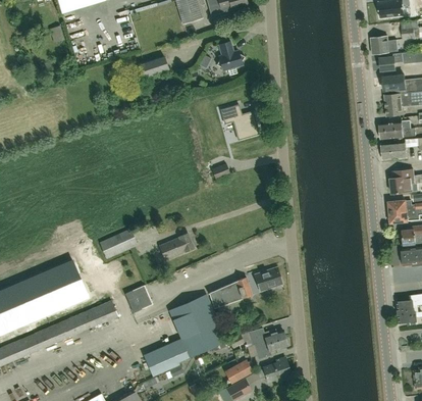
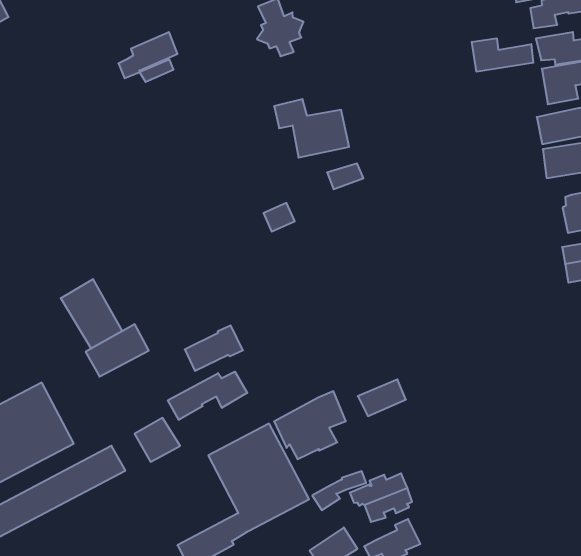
building: none -> [472,38,533,72]
building: none -> [61,279,122,349]
building: none -> [168,372,247,420]

